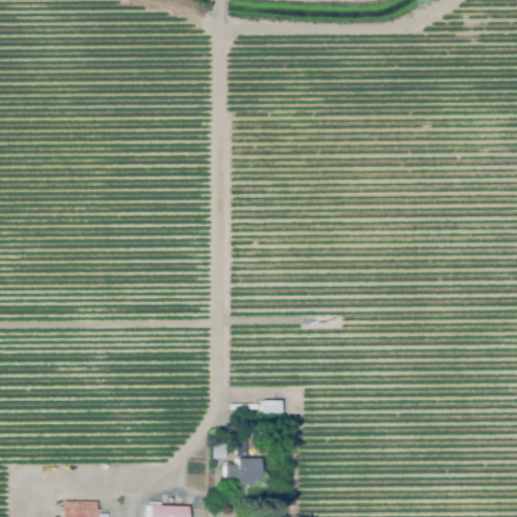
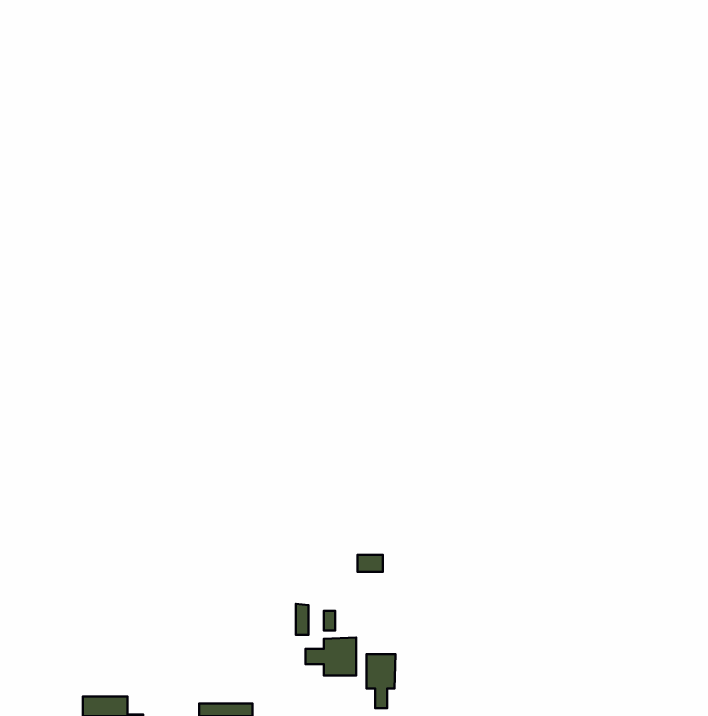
building: none -> [367,654,396,708]

